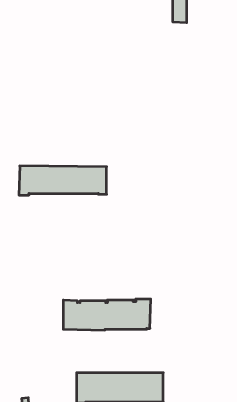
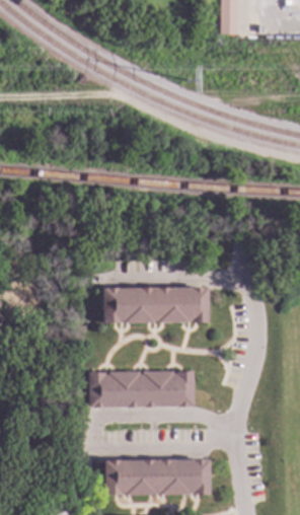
building: [19,166,107,195] -> [101,287,208,322]

